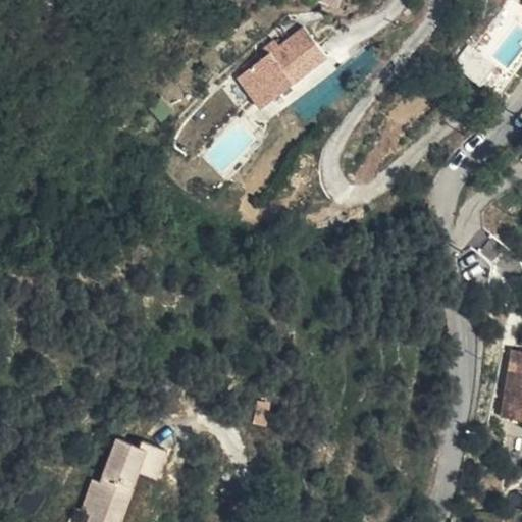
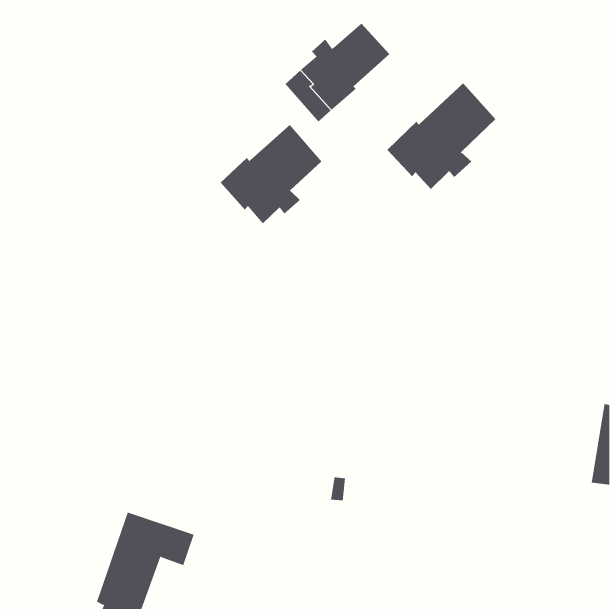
building: none -> [387,83,496,190]
building: none -> [220,124,322,224]

